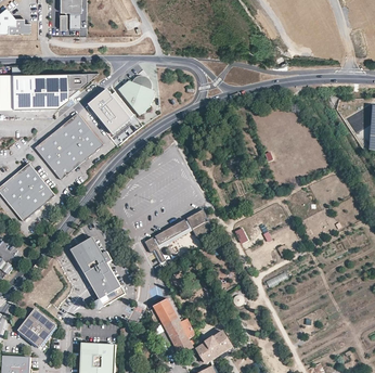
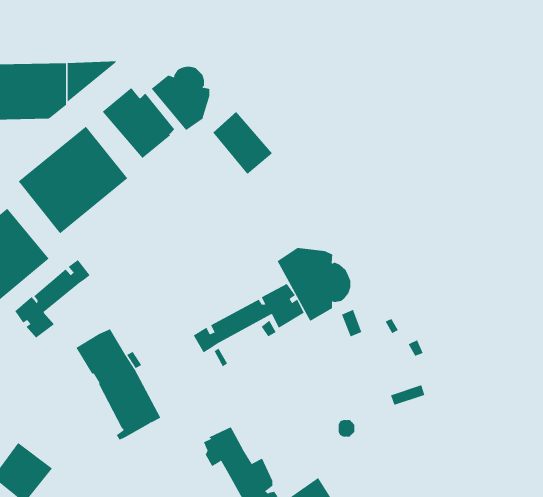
building: none -> [212,111,273,175]
building: none -> [277,247,351,322]
building: none -> [14,259,91,338]

